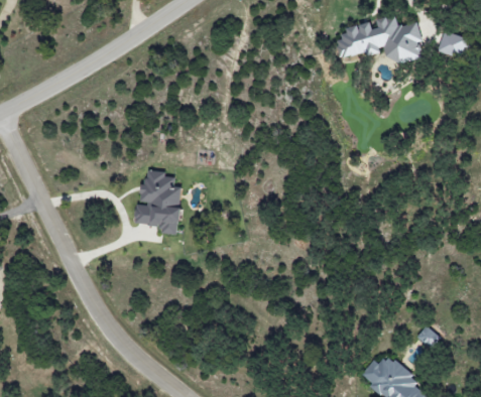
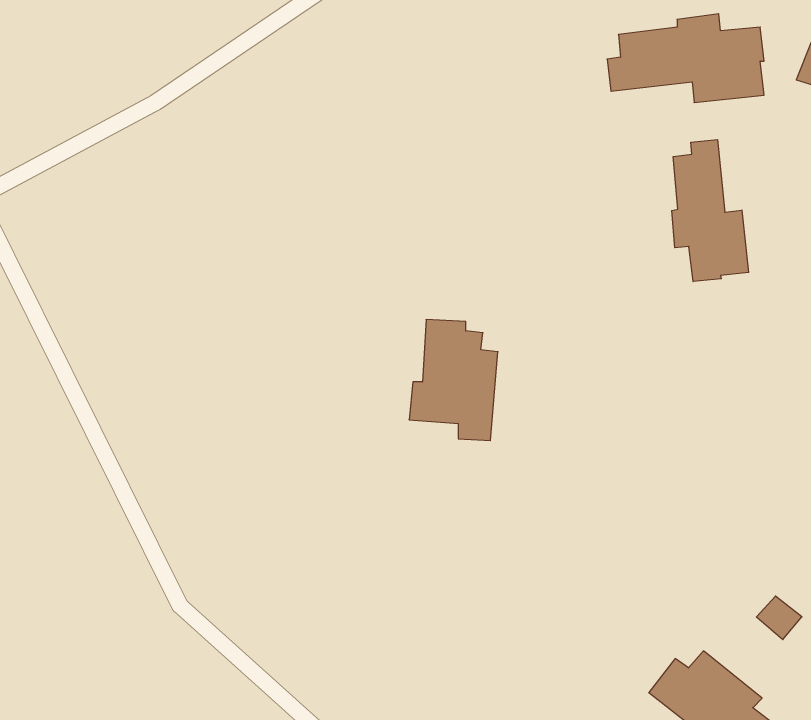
building: none -> [672,140,749,282]
building: [134,169,182,234] -> [409,320,498,441]

